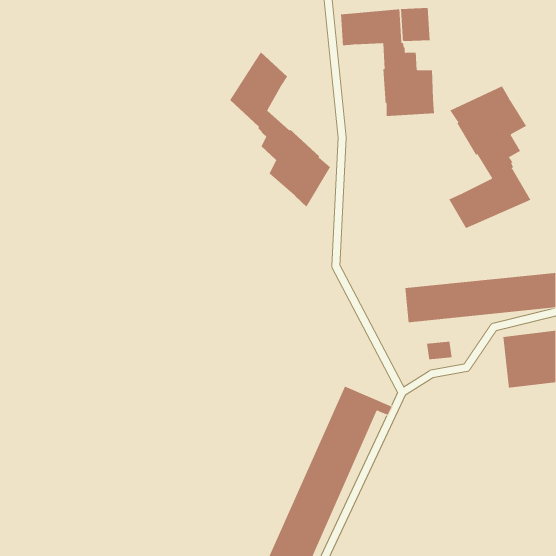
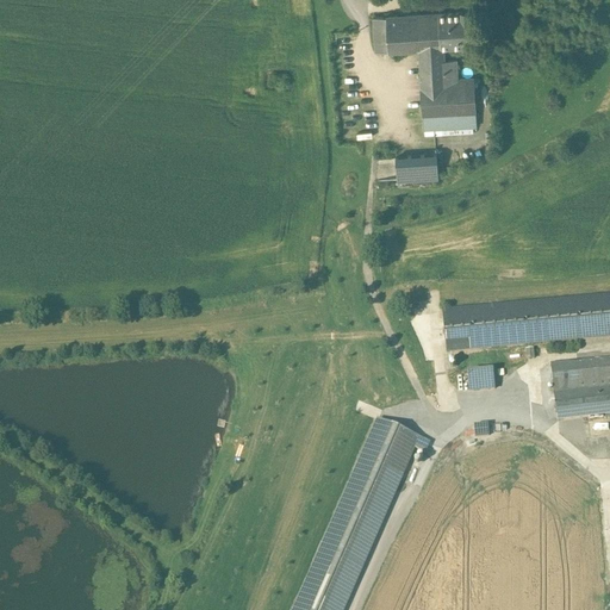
building: [229,51,331,208] -> none
building: [449,86,531,229] -> none
building: none -> [394,154,437,181]

